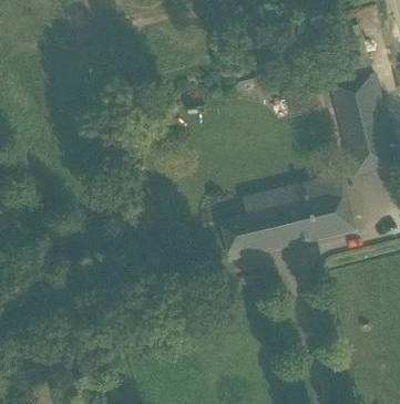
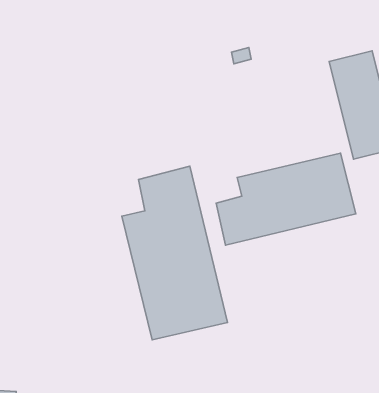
building: none -> [122,166,228,340]

